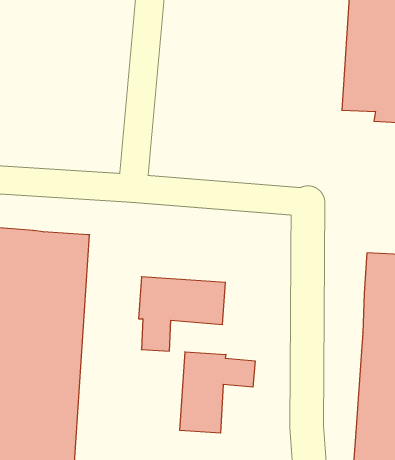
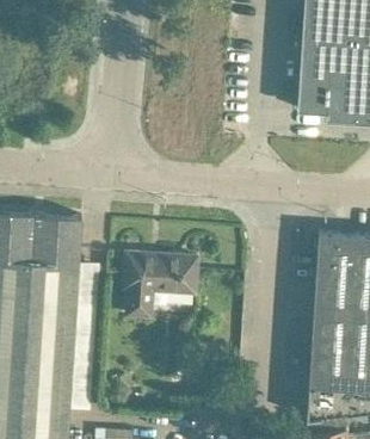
building: [180,352,255,433] -> none

